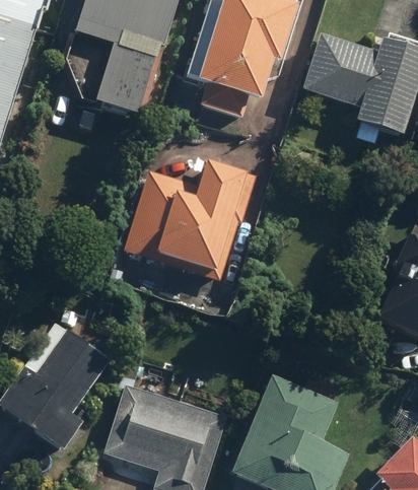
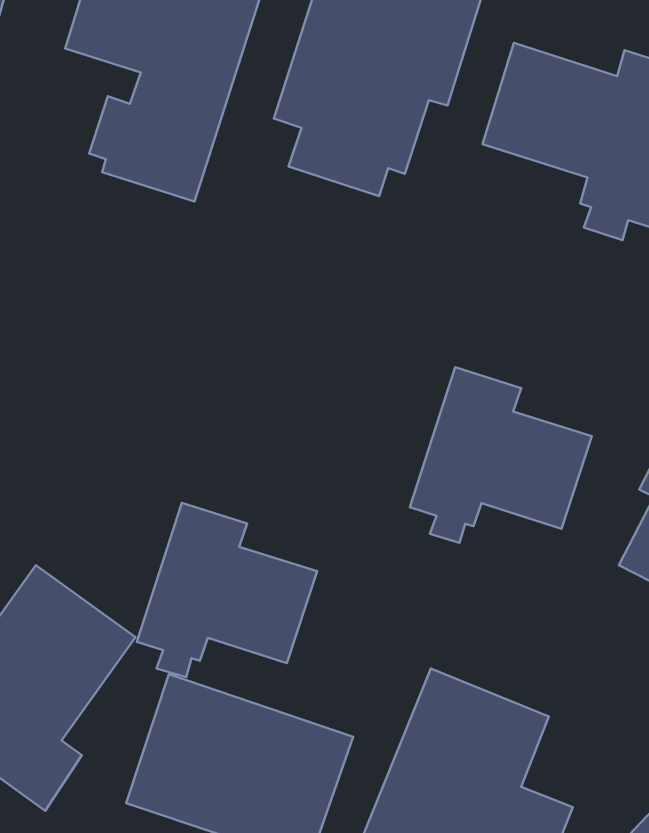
building: [125,157,257,278] -> none
building: none -> [410,367,592,543]
building: none -> [137,503,317,677]

